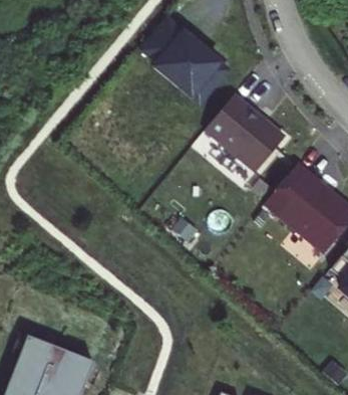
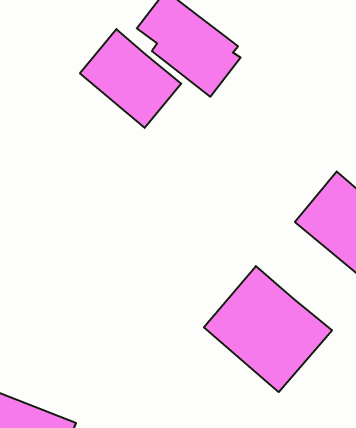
building: [206,95,286,174] -> [80,29,181,128]
building: none -> [204,266,332,392]

